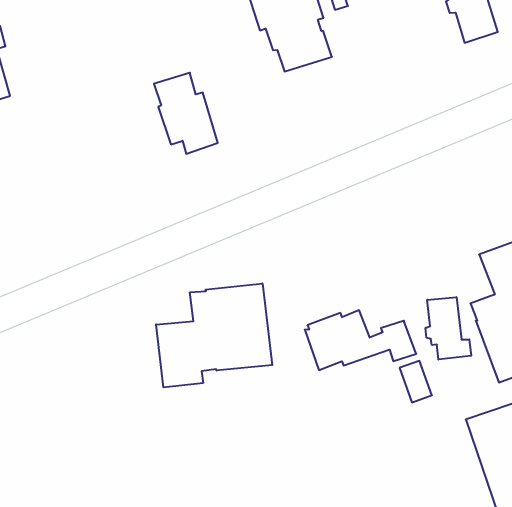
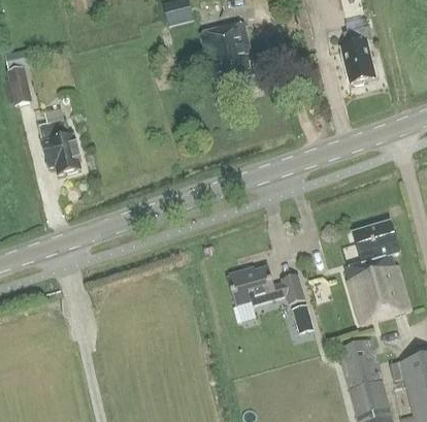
building: [154,73,218,154] -> [39,117,81,173]
building: [156,283,272,387] -> none
building: [426,297,471,360] -> none

